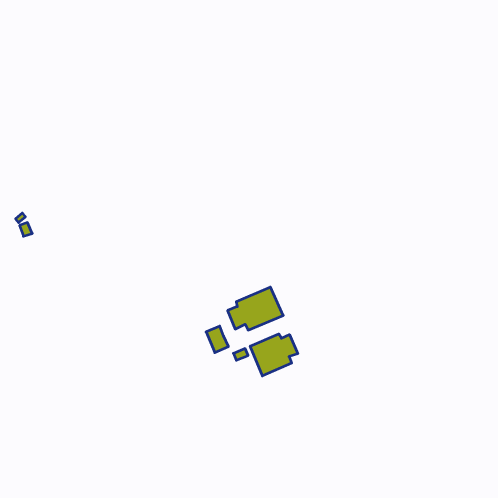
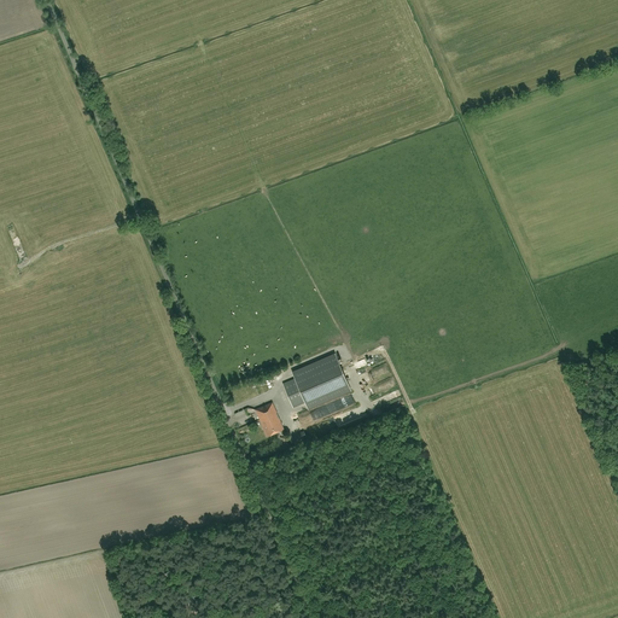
building: [250,334,298,376] -> none

